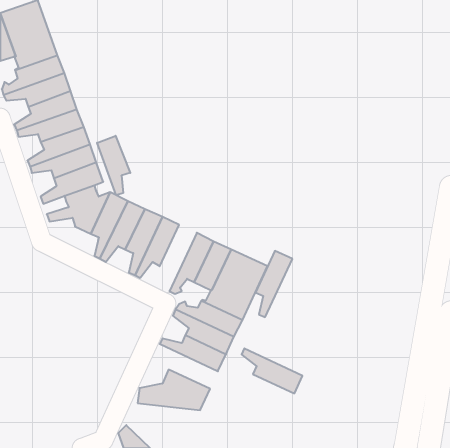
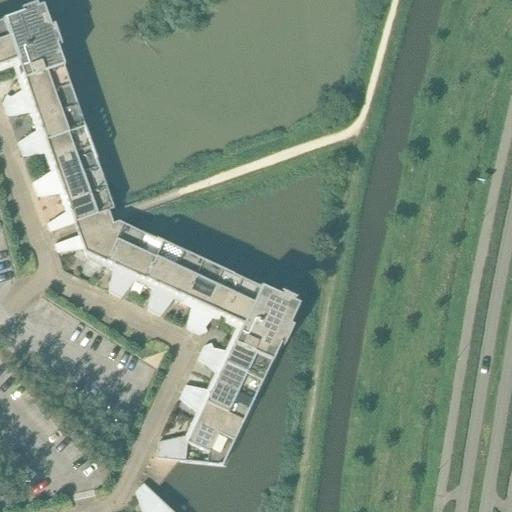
building: [97,136,130,195] -> none
building: [255,251,292,317] -> [182,255,224,330]
building: [242,348,302,393] -> [179,390,248,441]

